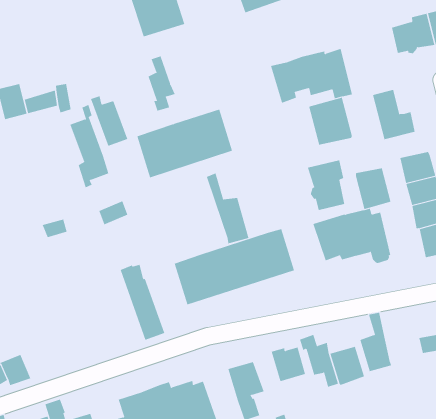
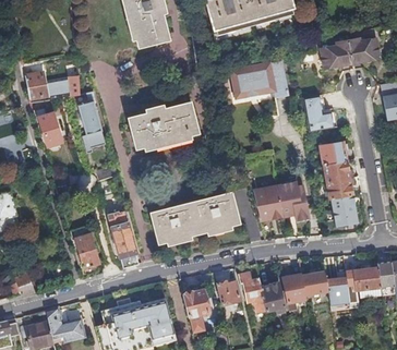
building: [148,56,175,111] -> none
building: [90,95,128,146] -> [36,109,62,147]
building: [309,97,352,145] -> none
building: [307,160,345,211] -> none
building: [355,167,391,210] -> none
building: [206,173,249,244] -> none
building: none -> [69,226,98,280]
building: none -> [301,271,328,297]

